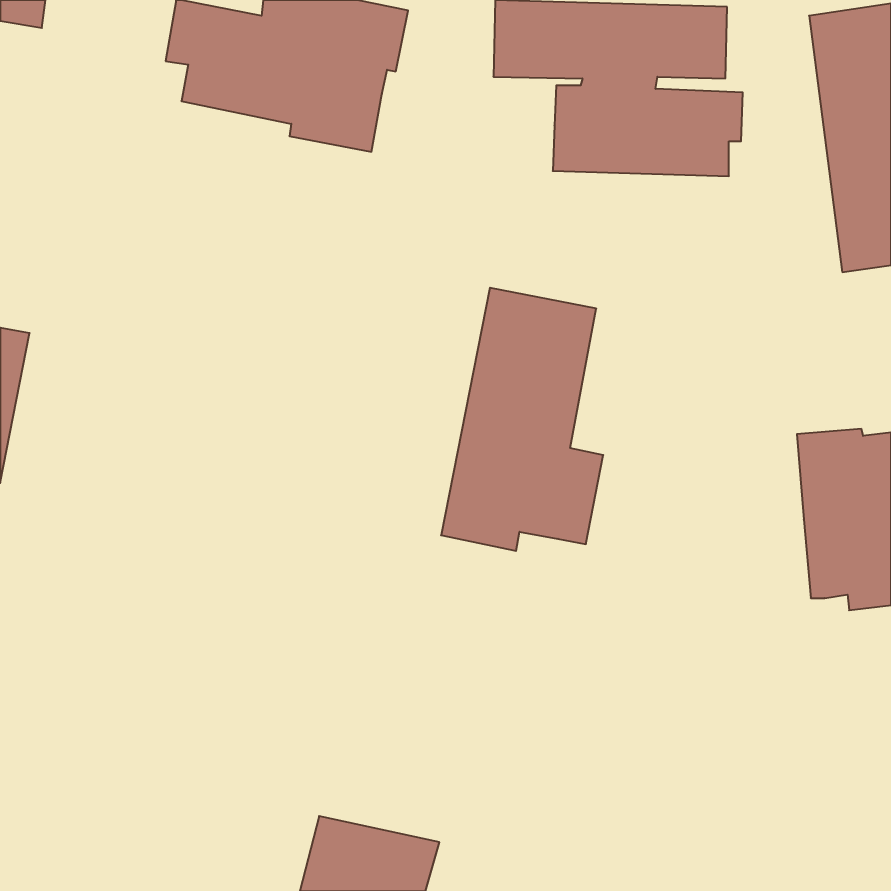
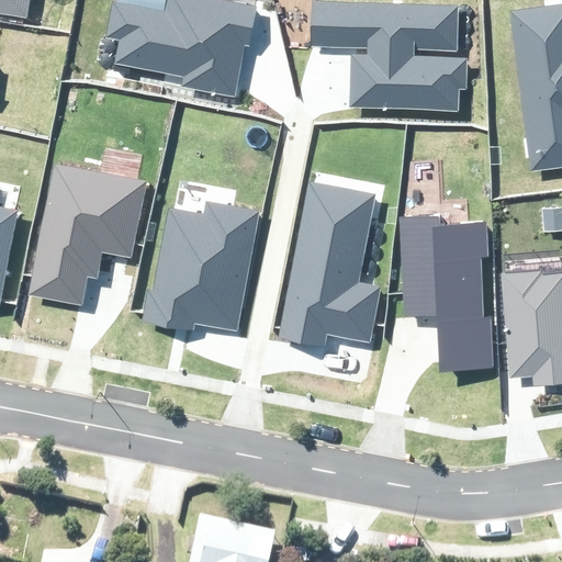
building: none -> [29,162,147,304]
building: none -> [143,201,260,331]
building: none -> [397,212,494,370]

